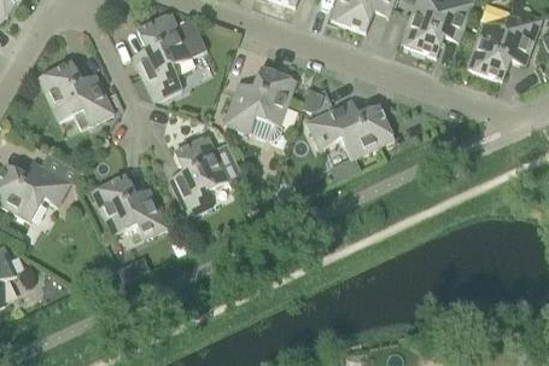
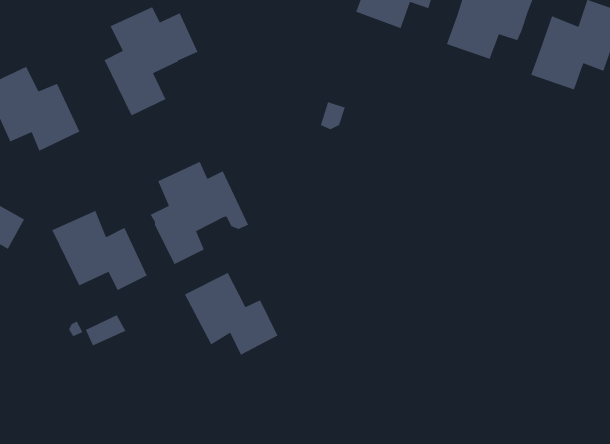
building: [223,66,296,139] -> none
building: [306,99,393,162] -> none
building: none -> [184,272,278,356]

